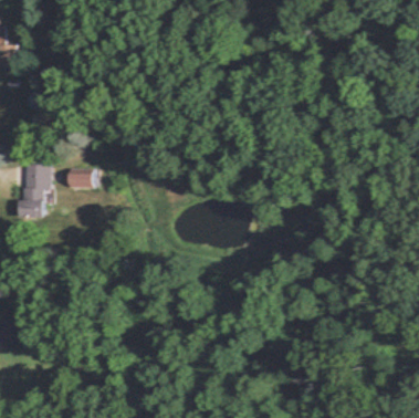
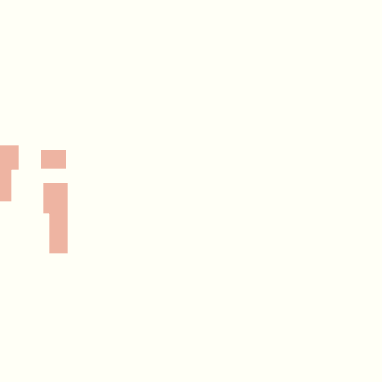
building: none -> [43,182,68,254]

